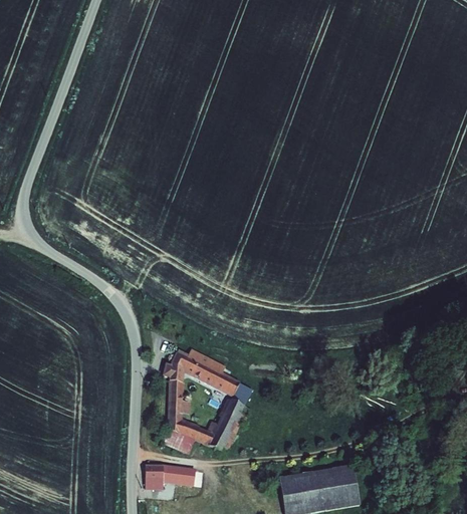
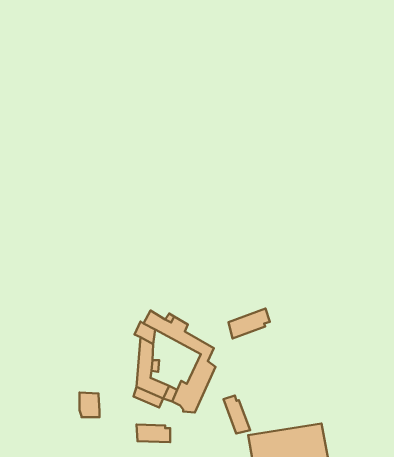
building: none -> [228,309,270,338]
building: none -> [223,396,250,434]
building: [147,464,167,489] -> [80,392,99,417]

